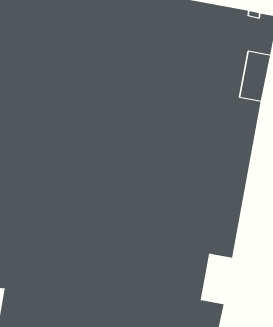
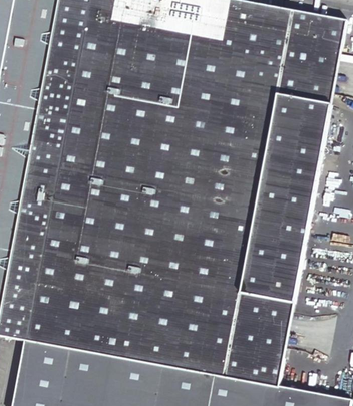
building: none -> [258,303,295,362]

